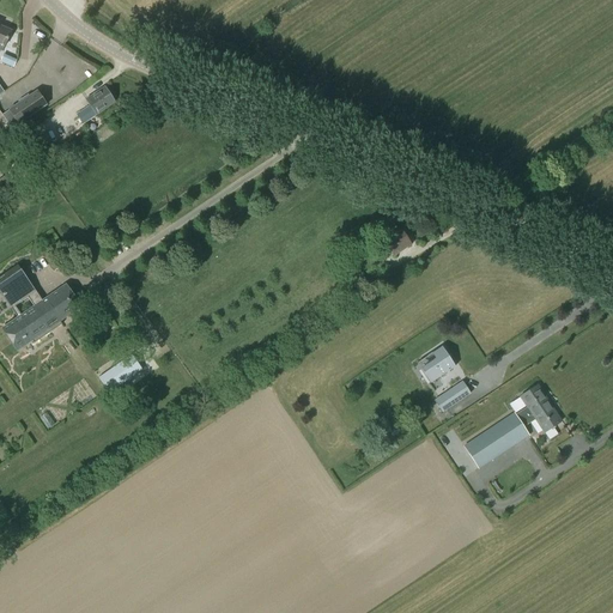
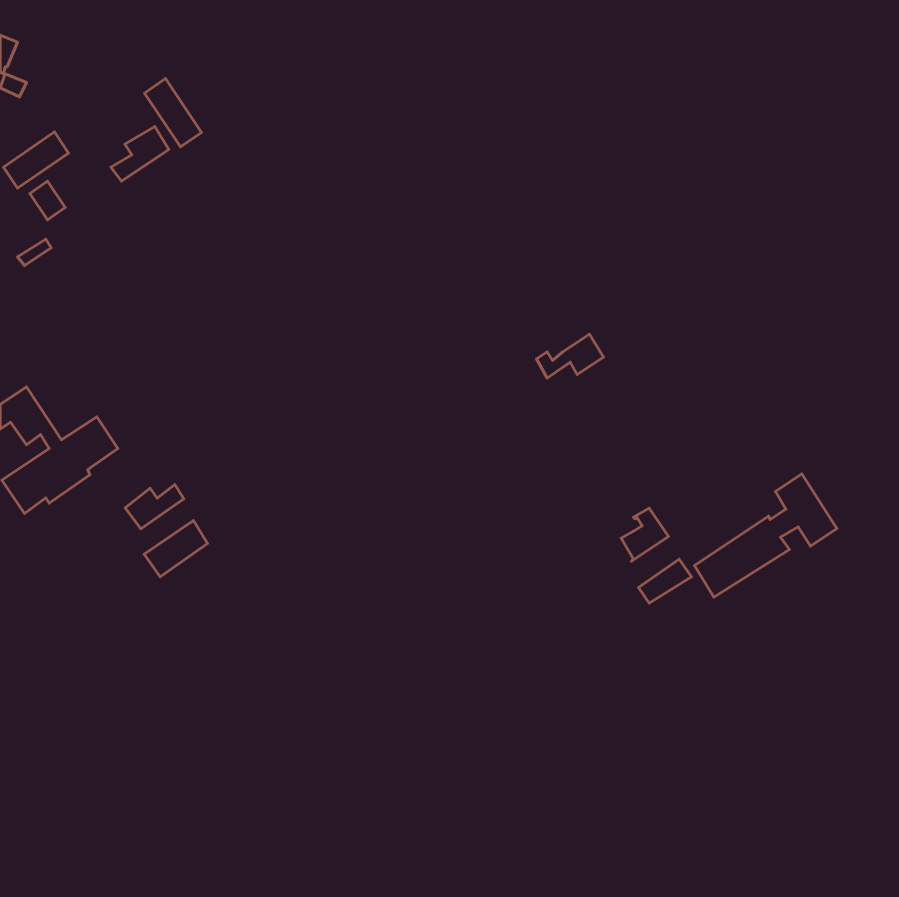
building: none -> [144,79,201,147]
building: none -> [125,484,184,529]
building: [465,383,562,467] -> [694,474,837,597]

